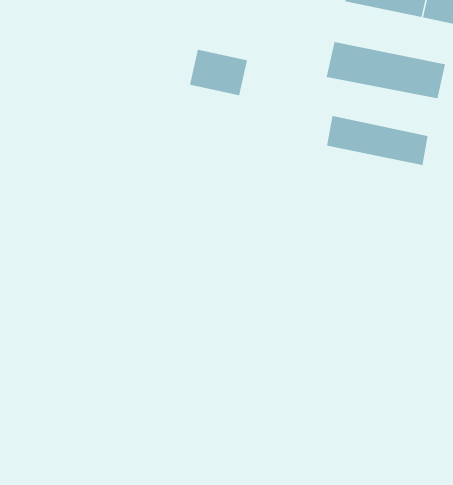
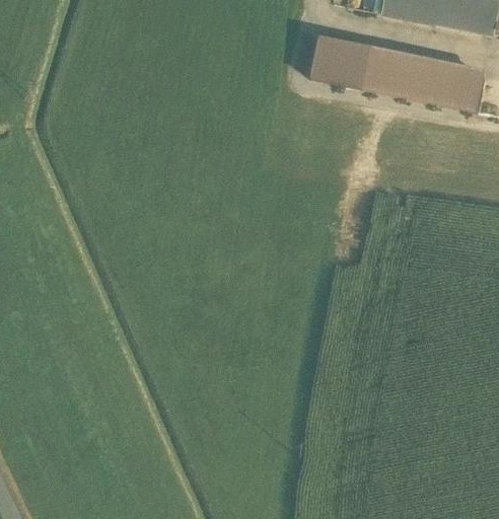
building: [189,49,248,96] -> [309,40,369,87]
building: [326,115,428,166] -> none

